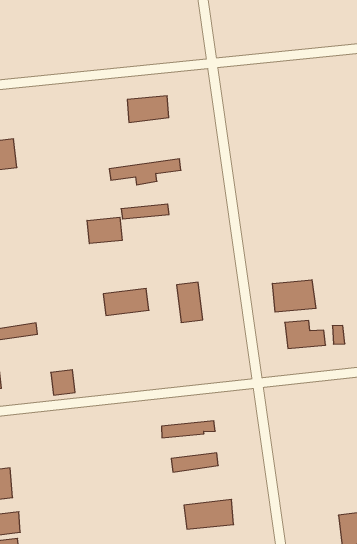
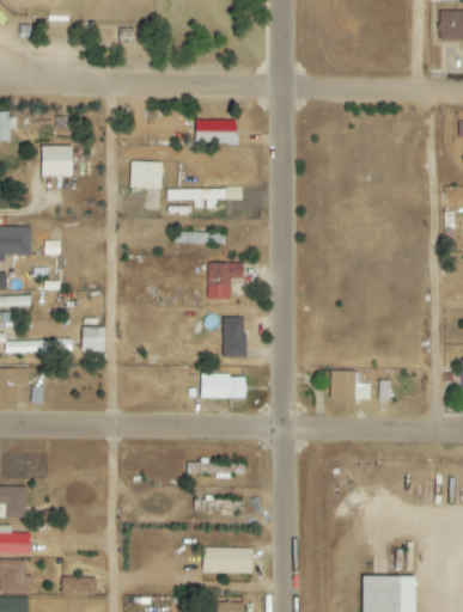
building: none -> [129,161,162,188]
building: [87,217,122,244] -> none
building: none -> [207,263,243,299]
building: [272,280,316,312] -> none
building: [103,289,149,315] -> [200,375,245,398]
building: [51,370,75,395] -> [81,328,104,351]

